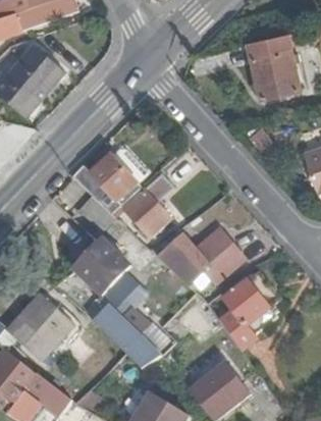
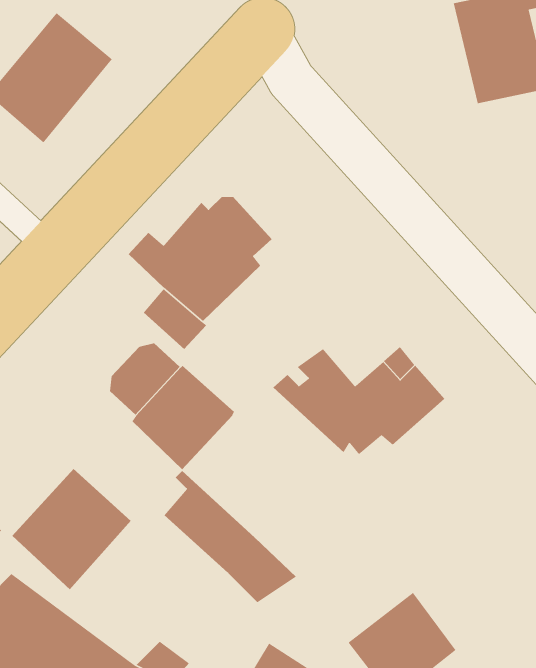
building: [122,174,171,238] -> none
building: [101,266,150,332] -> none
building: [210,271,279,351] -> none

